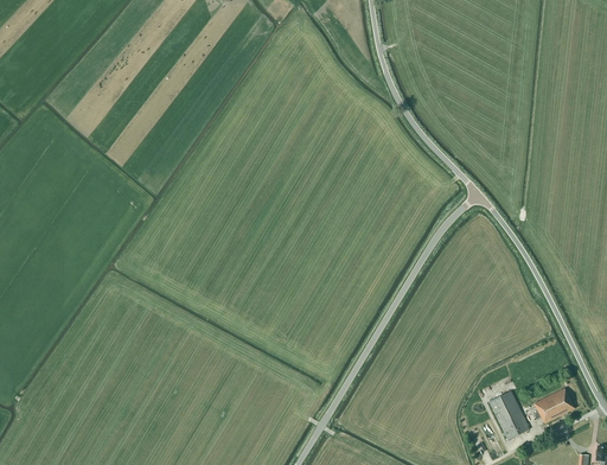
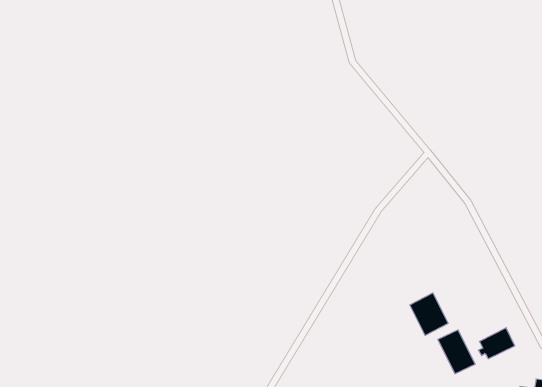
building: none -> [410,293,448,335]

